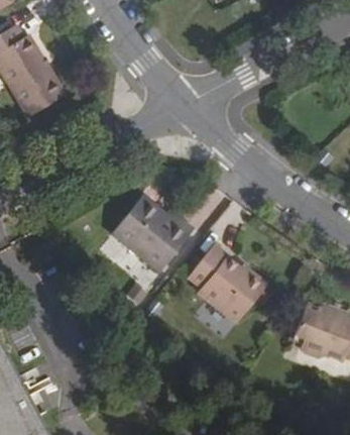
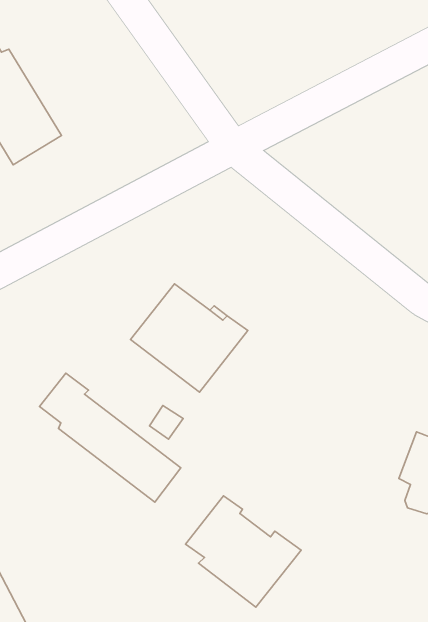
building: [189,246,268,323] -> [185,496,301,607]
building: none -> [40,373,181,502]

